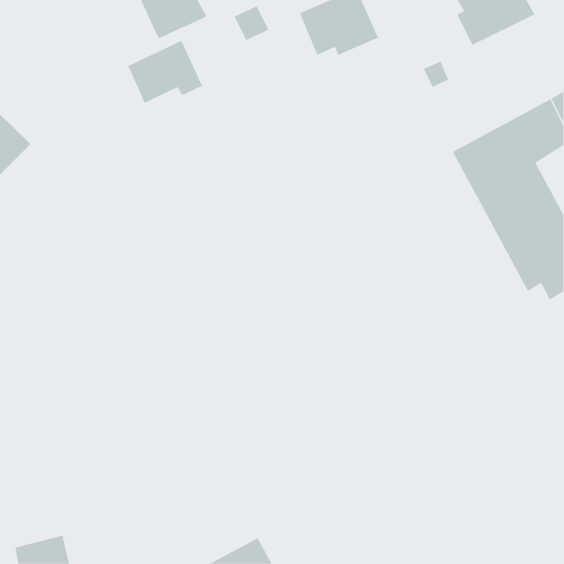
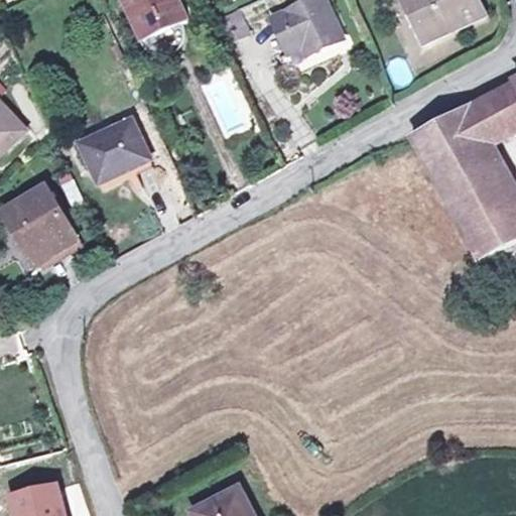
building: [127,40,203,103] -> [82,114,150,171]
building: none -> [5,195,78,265]

